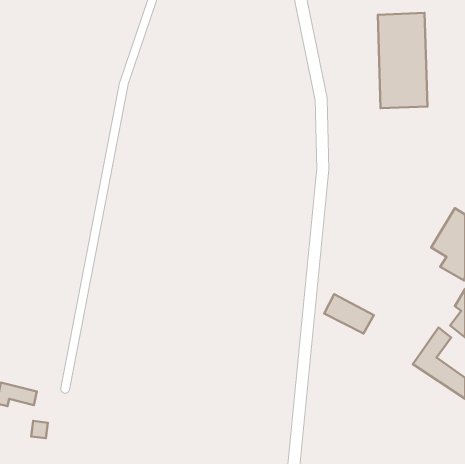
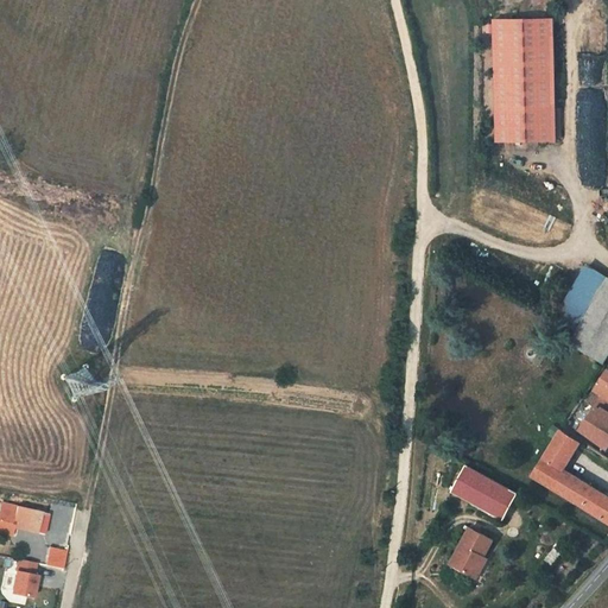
building: [324,294,374,334] -> [454,466,518,517]
building: none -> [443,519,492,574]
building: none -> [17,557,42,596]

